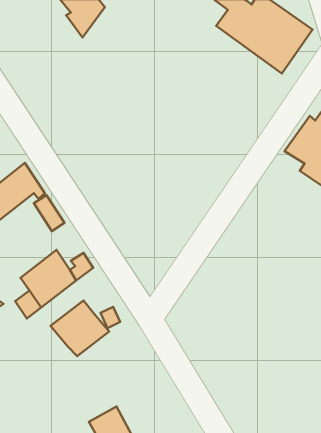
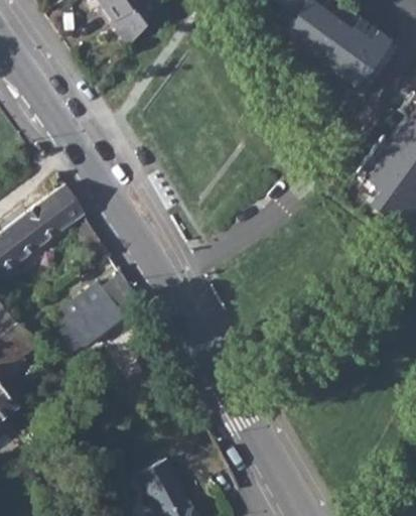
building: [50,301,109,356] -> none

